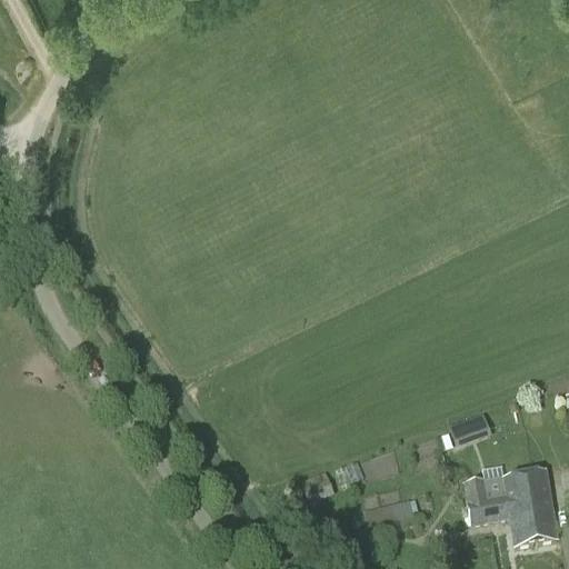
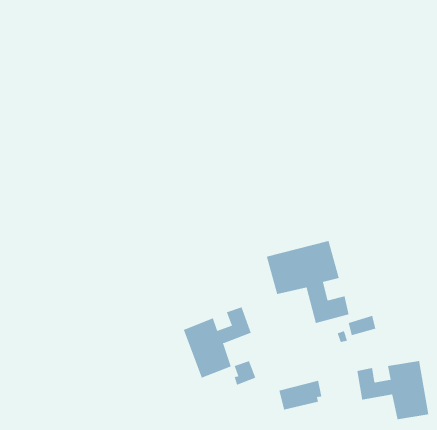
building: none -> [266,240,349,324]
building: none -> [183,307,252,379]

